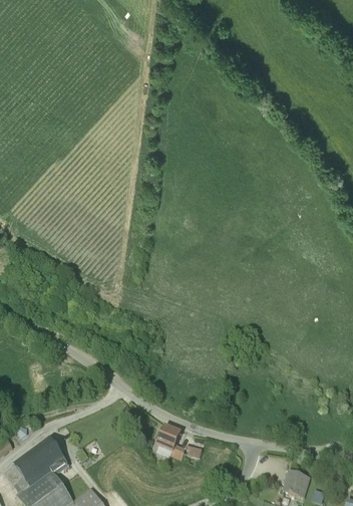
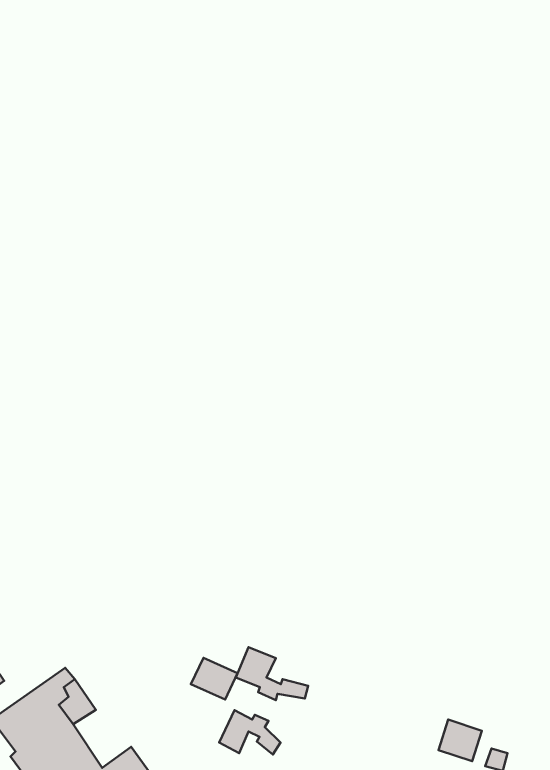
building: none -> [191,658,238,700]
building: none -> [219,710,280,755]

